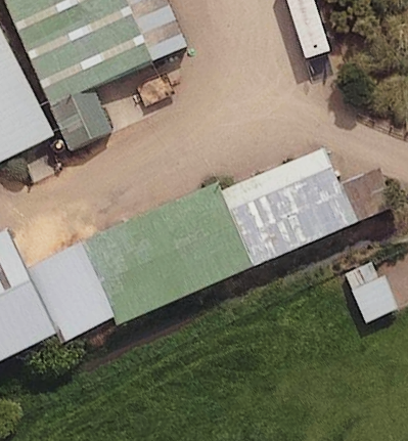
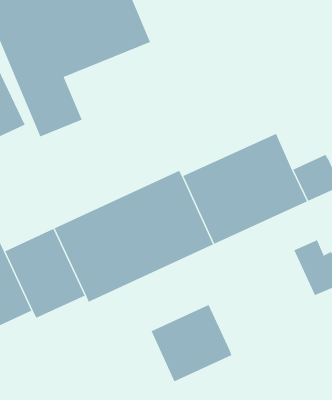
building: none -> [151,304,232,382]

